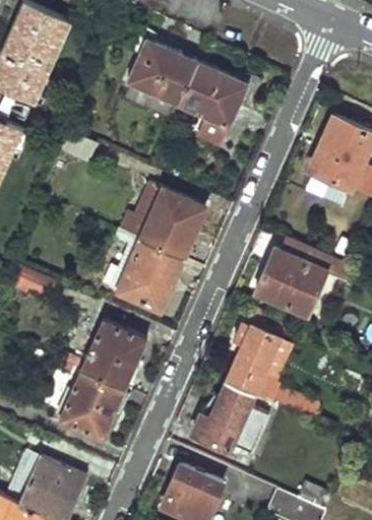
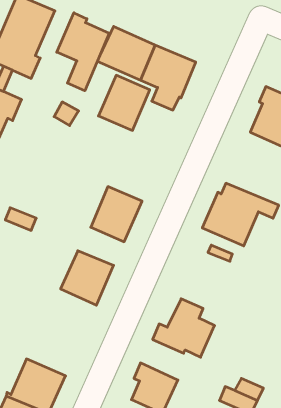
building: none -> [57,13,109,91]
building: [136,191,200,260] -> [98,75,150,130]
building: [228,321,294,400] -> none
building: [55,370,122,442] -> none

